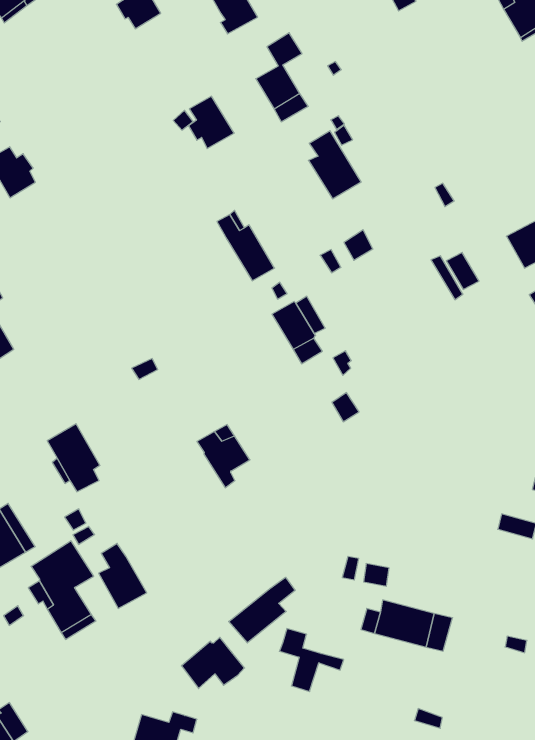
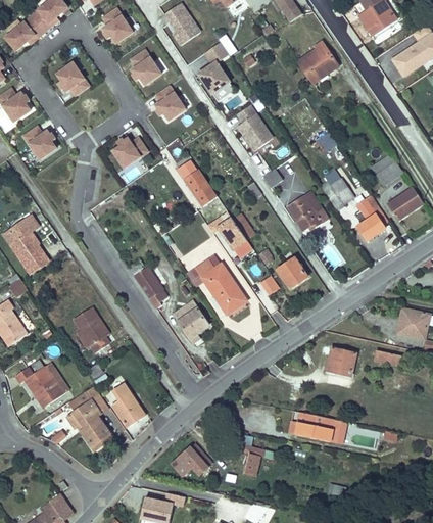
building: none -> [131,49,161,85]
building: none -> [298,42,337,83]
building: none -> [56,61,90,95]
building: none -> [112,137,148,168]
building: none -> [288,191,329,231]
building: none -> [357,199,385,240]
building: none -> [195,258,246,314]
building: none -> [277,257,307,288]
building: none -> [134,267,167,307]
building: none -> [327,348,355,376]
building: [229,577,295,643] -> none

